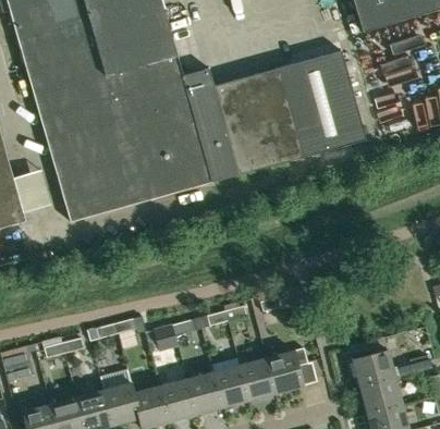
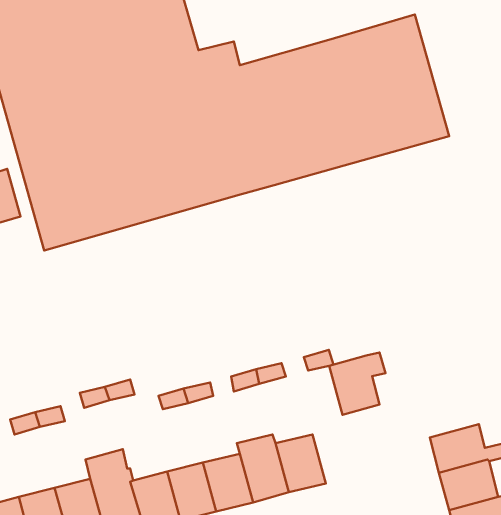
building: [267,348,308,394] -> [329,353,385,415]

